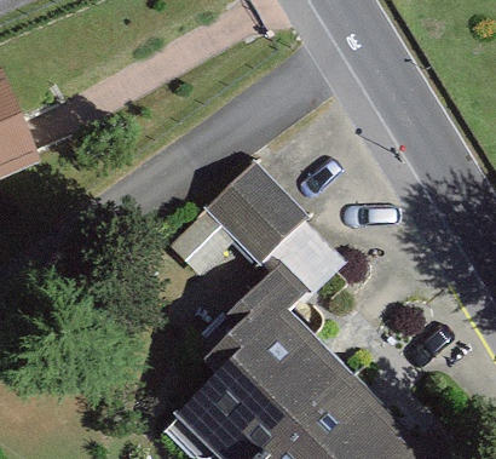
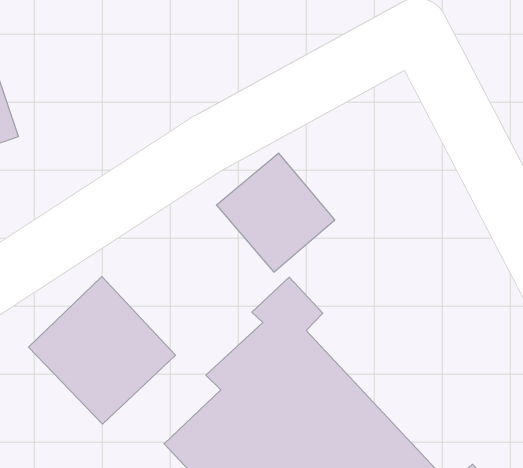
building: none -> [29,277,175,424]

